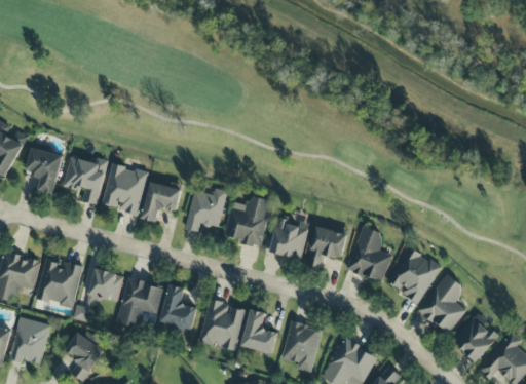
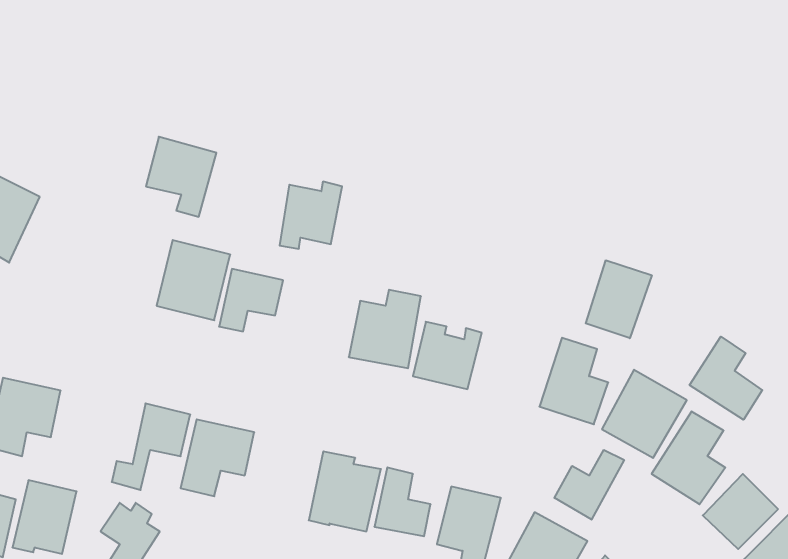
building: [26,149,64,195] -> none
building: [63,155,108,206] -> [146,137,216,217]
building: none -> [586,260,652,338]
building: [187,189,227,232] -> [280,182,342,249]
building: none -> [690,337,762,420]
building: [309,228,347,269] -> none
building: [37,260,82,308] -> none
building: [160,285,197,331] -> none
building: none -> [554,450,624,520]

